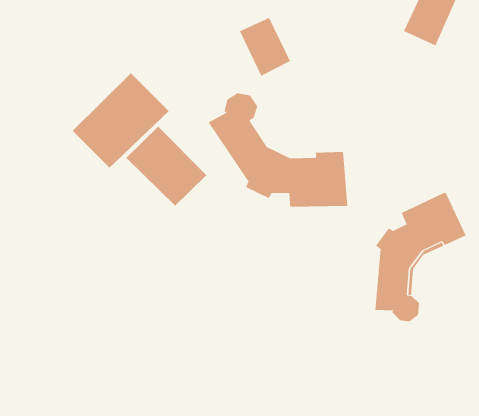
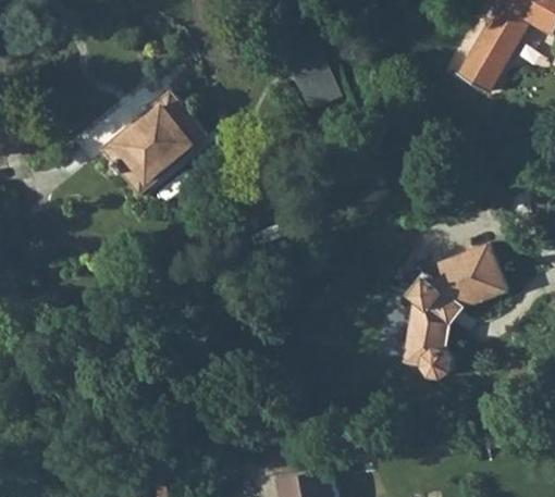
building: [208,92,348,208] -> none
building: [125,126,207,206] -> none

